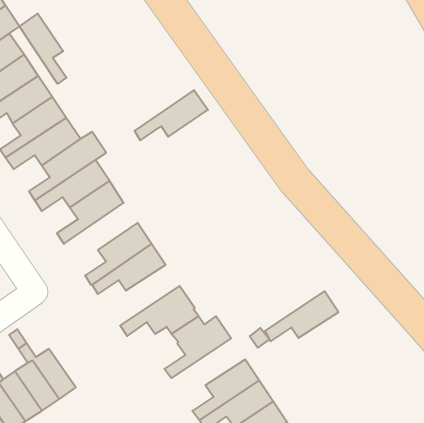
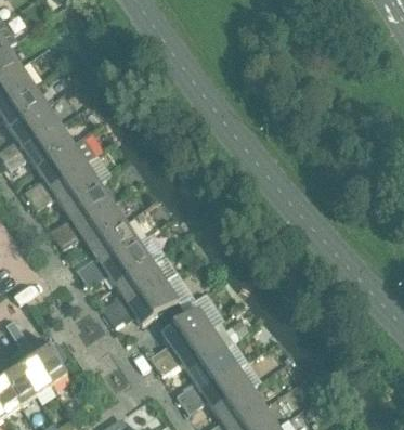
building: [20,13,67,84] -> none
building: [134,90,208,140] -> [60,203,128,249]
building: none -> [105,260,167,316]
building: [265,291,338,341] -> [159,328,227,375]

